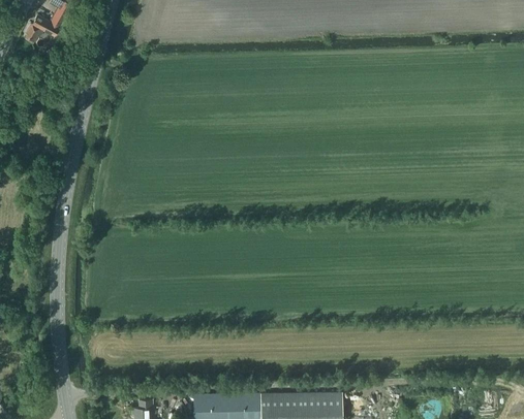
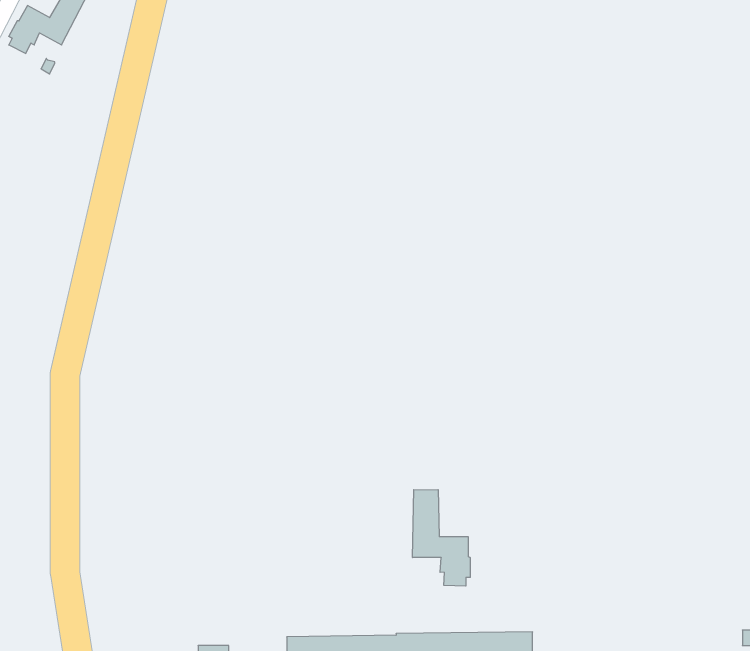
building: none -> [413,490,470,586]

